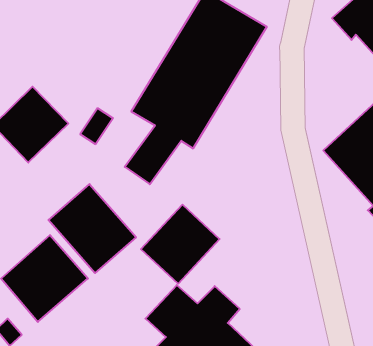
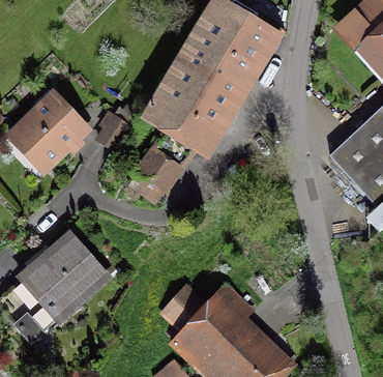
building: [48,184,136,273] -> none
building: [141,205,220,284] -> none

